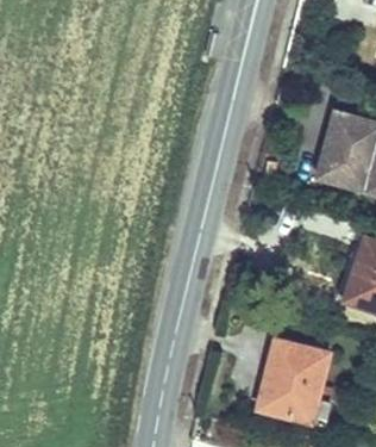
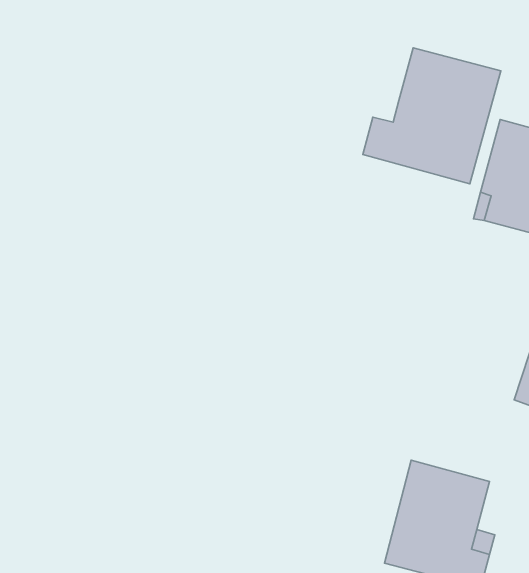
building: none -> [363,48,501,184]

